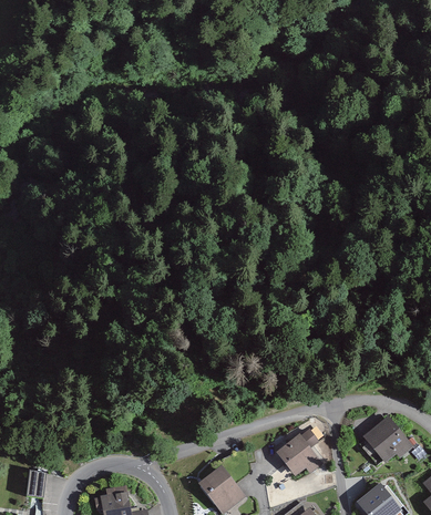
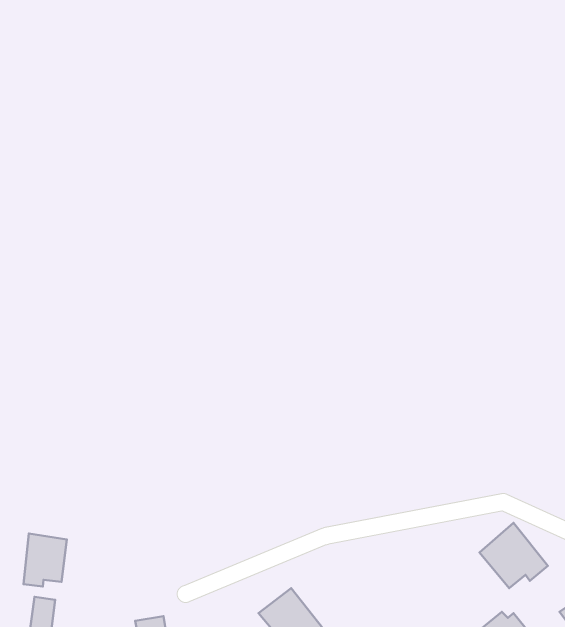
building: none -> [23,534,67,587]
building: [276,425,326,478] -> none

